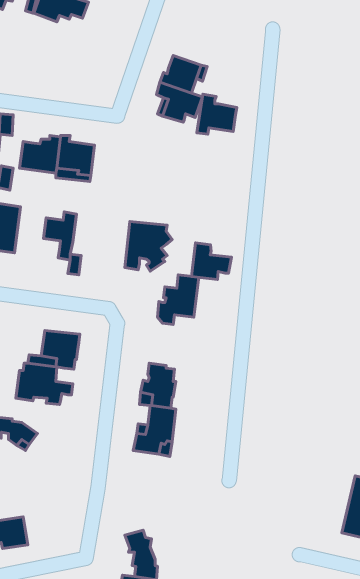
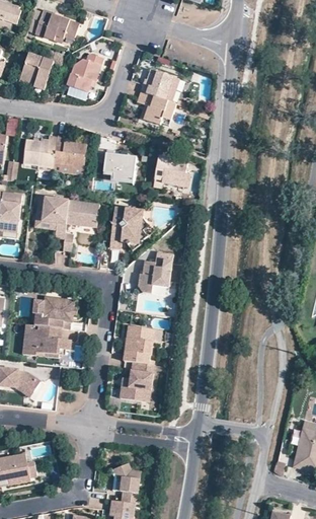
building: none -> [21,52,56,87]
building: none -> [70,52,104,88]
building: [197,94,237,134] -> [154,155,187,189]
building: none -> [106,153,138,181]
building: none -> [37,197,62,230]
building: none -> [69,201,102,228]
building: [191,243,232,279] -> none

